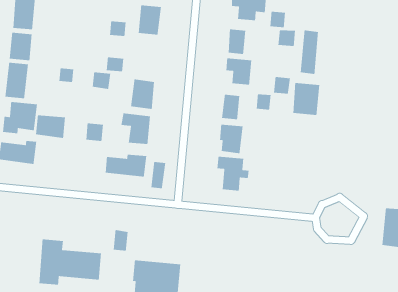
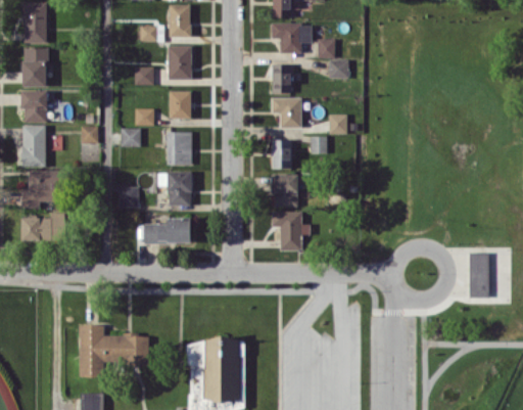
building: [300,29,319,75] -> none
building: none -> [169,92,191,119]
building: [293,82,320,116] -> none
building: [35,114,66,139] -> none
building: [151,161,166,189] -> none
building: [113,229,128,251] -> none

